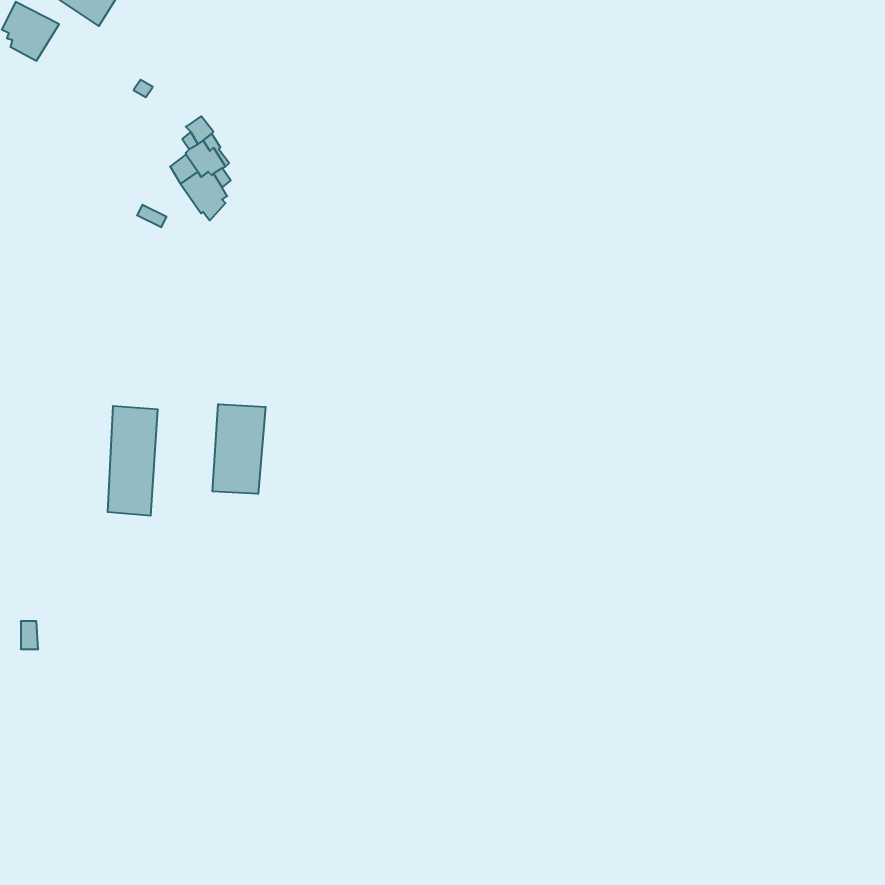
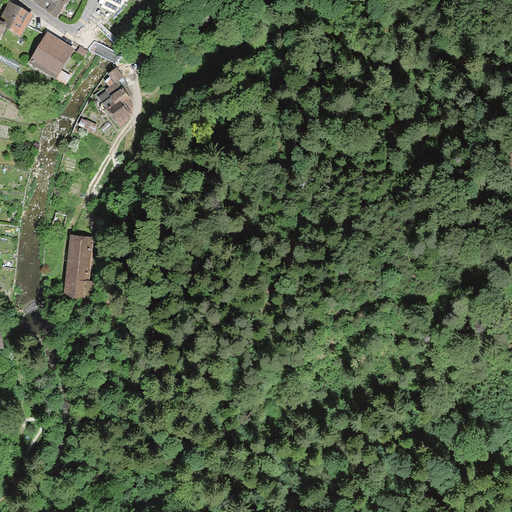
building: none -> [28,31,76,80]
building: [212,404,266,494] -> none

